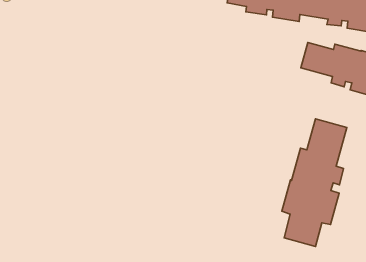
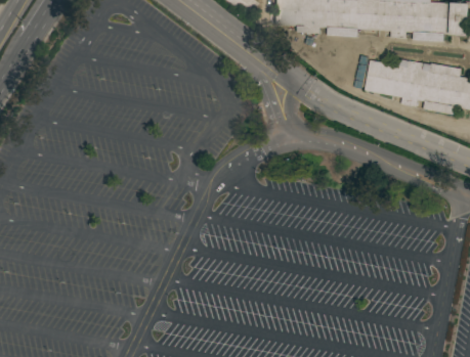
building: [282,119,347,247] -> none

